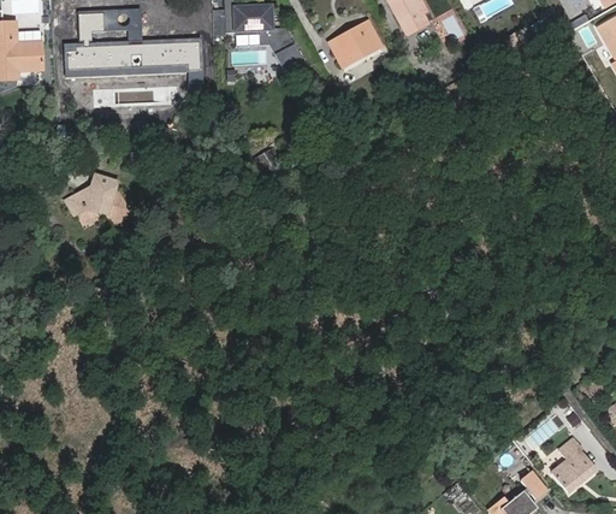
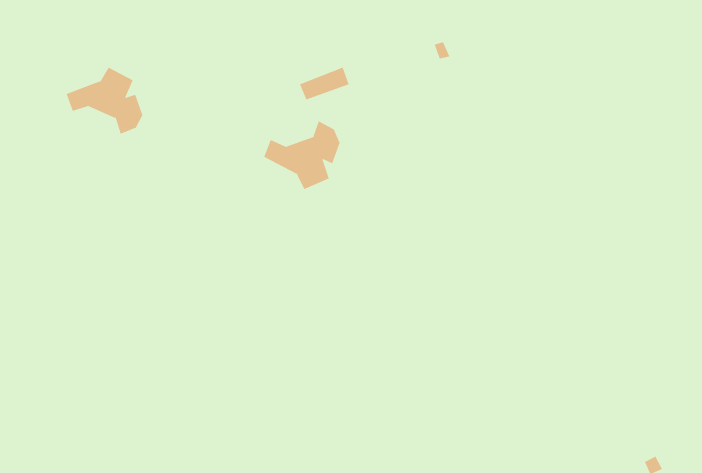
building: none -> [264,120,340,190]

